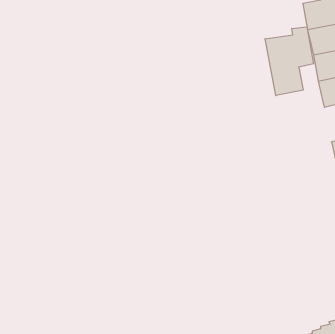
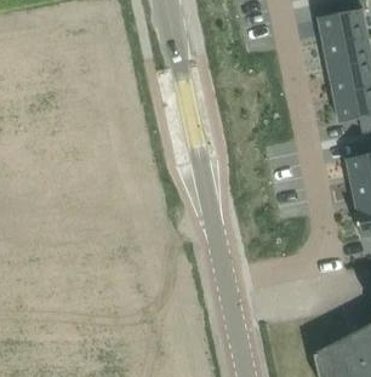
building: [265,27,313,96] -> none

